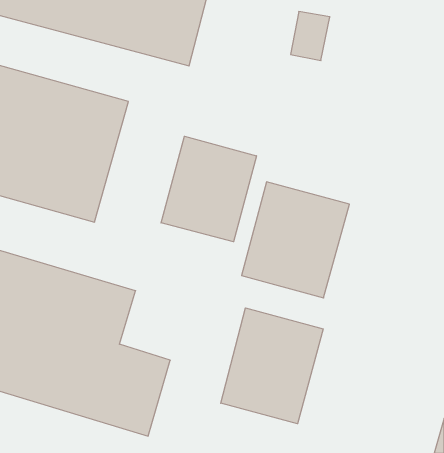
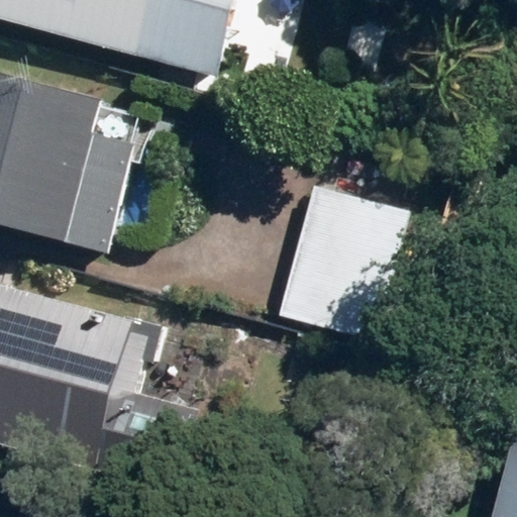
building: [161,136,256,242] -> none
building: [221,308,323,424] -> none

